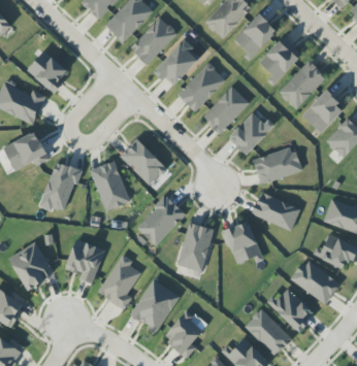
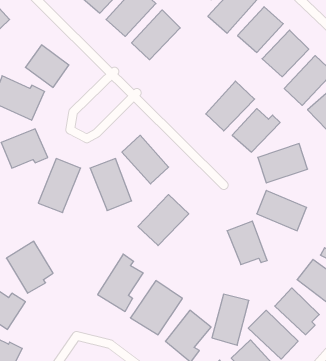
building: [155,40,201,87] -> none
building: [177,63,226,112] -> none
building: [177,223,214,272] -> [212,294,249,345]
building: [65,239,105,285] -> none

